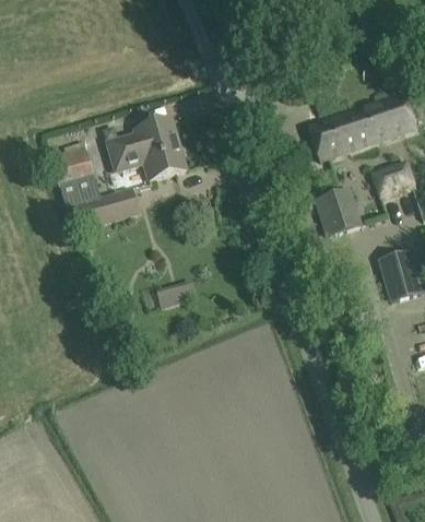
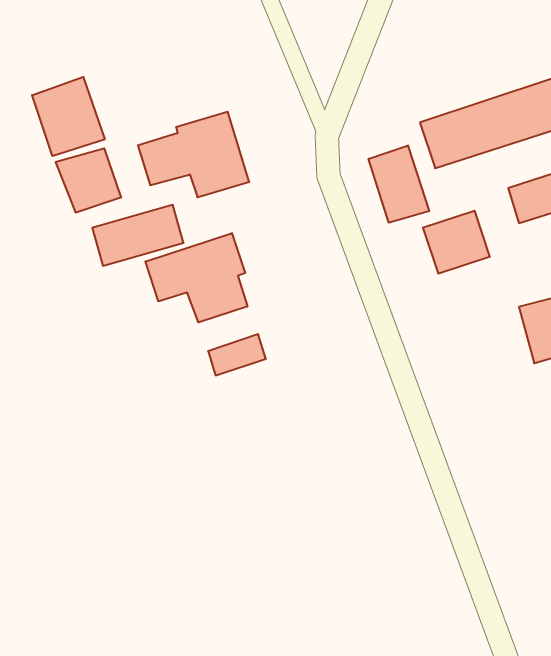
building: none -> [32,77,105,156]
building: none -> [369,145,429,223]
building: none -> [145,233,247,322]

